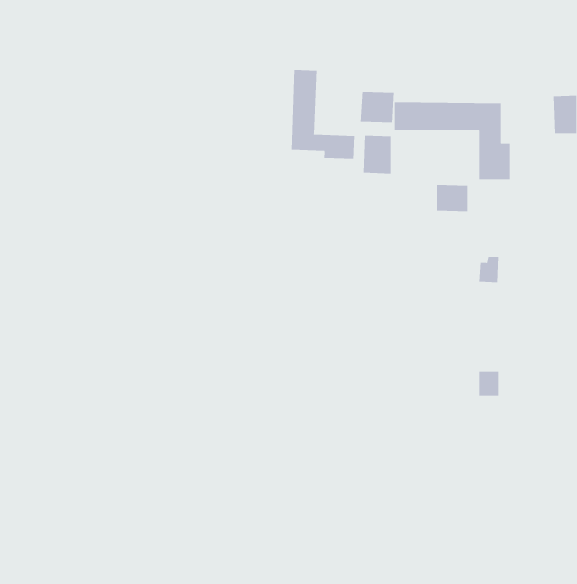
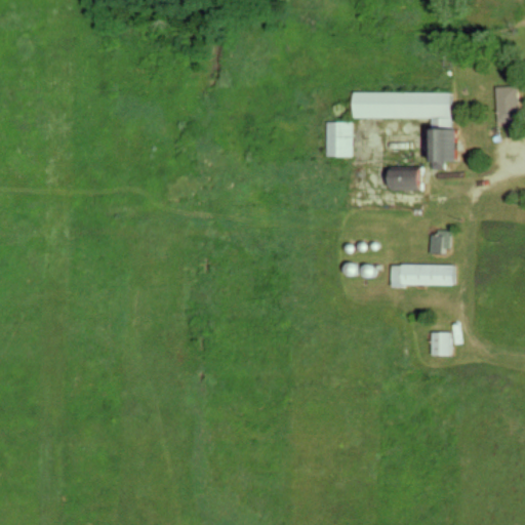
building: [291,69,355,160] -> none
building: [360,91,394,123] -> none
building: none -> [390,265,452,286]

